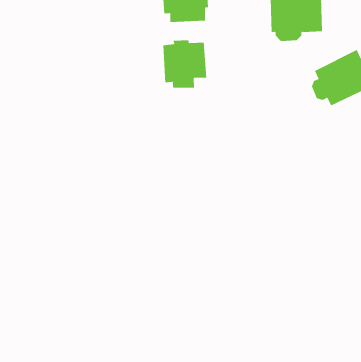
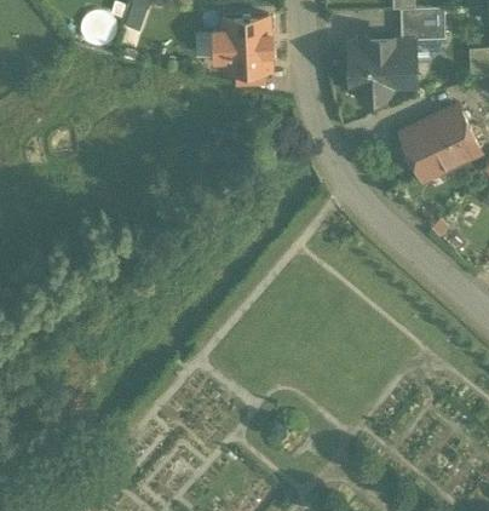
building: [163,39,207,89] -> none

